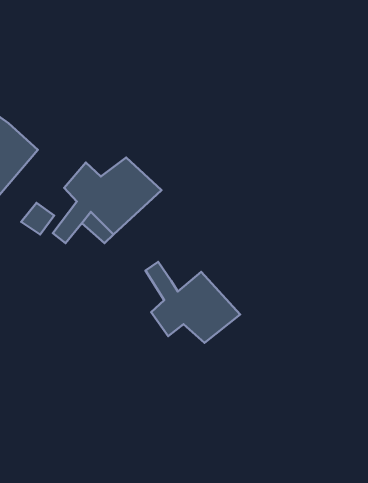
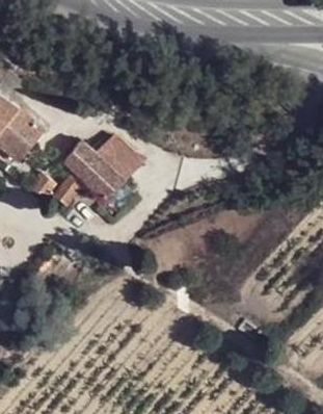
building: [146,262,240,343] -> none

